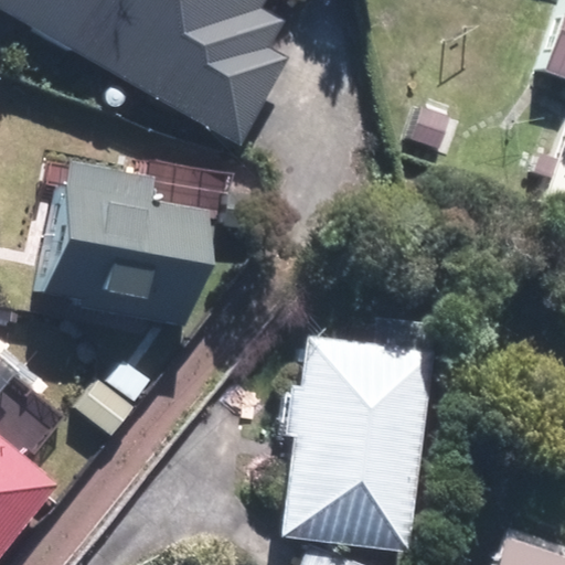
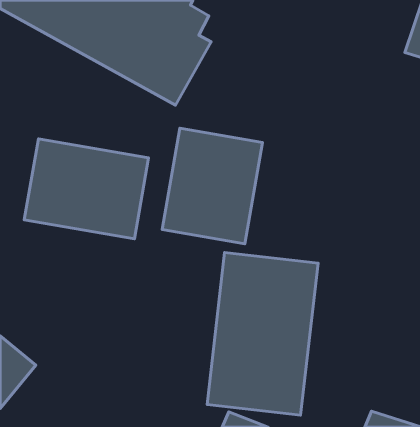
building: none -> [162,128,262,244]

